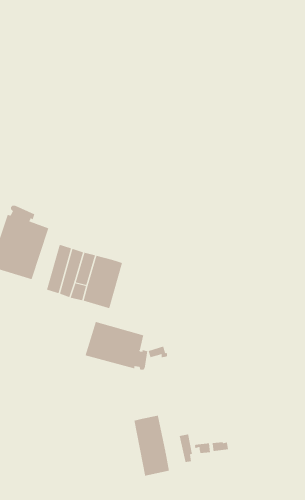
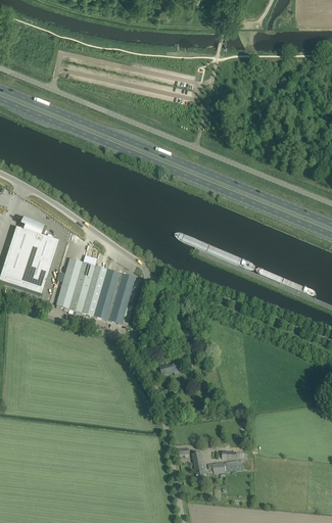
building: [85,321,148,371] -> none
building: [134,415,169,476] -> none

